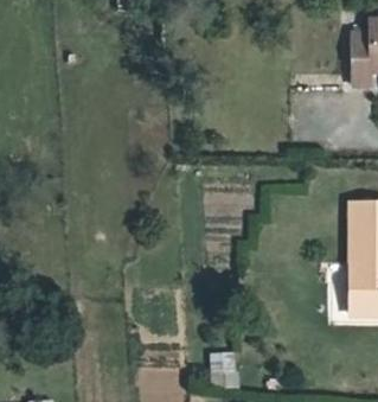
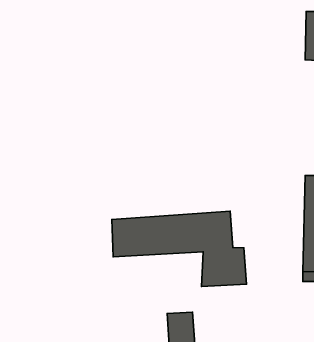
building: none -> [112,211,246,287]

